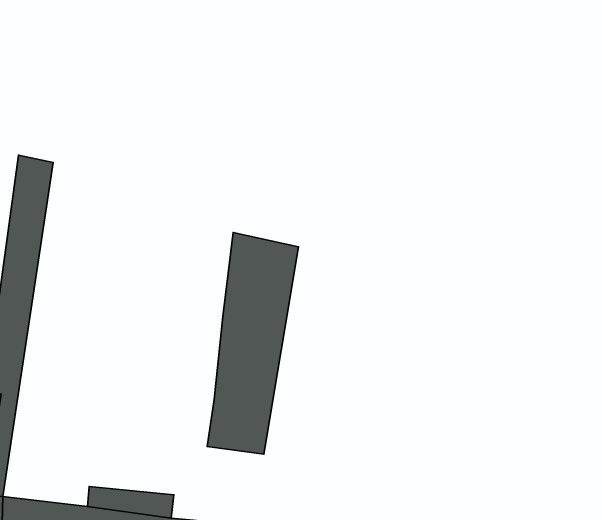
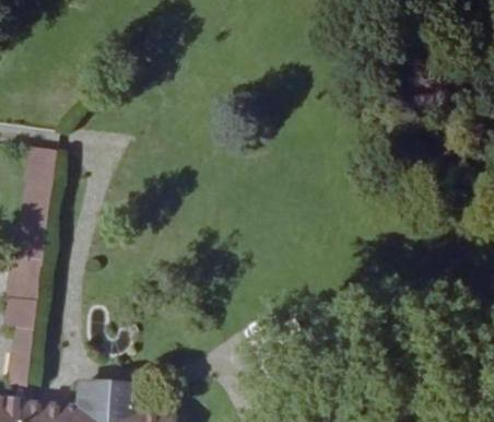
building: [207,232,299,454] -> none

